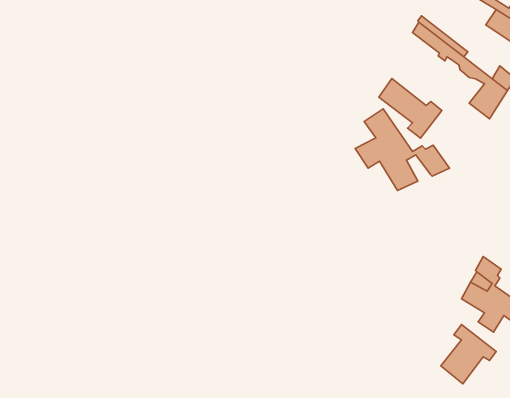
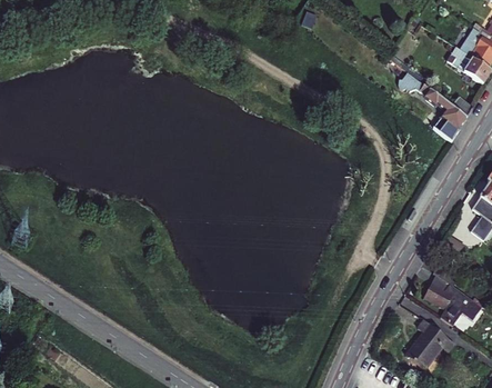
building: [379,79,442,138] -> none
building: [355,109,450,191] -> none

